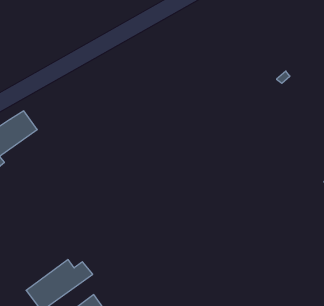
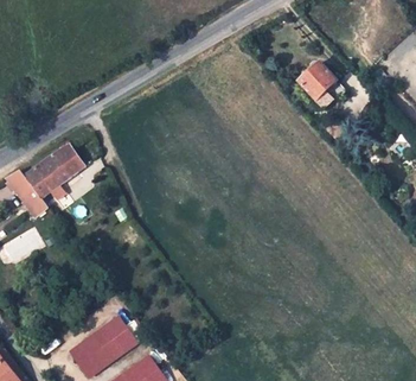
building: none -> [299,64,337,102]

